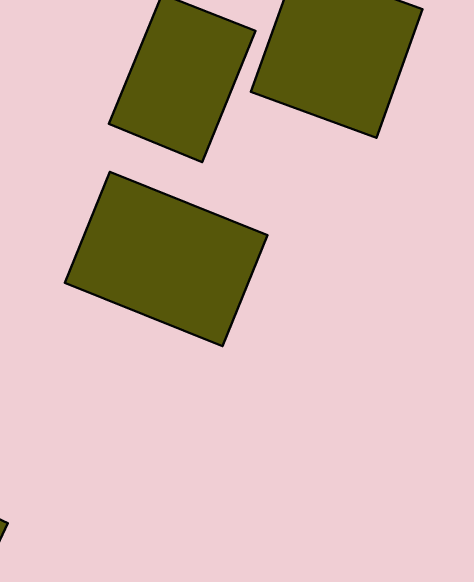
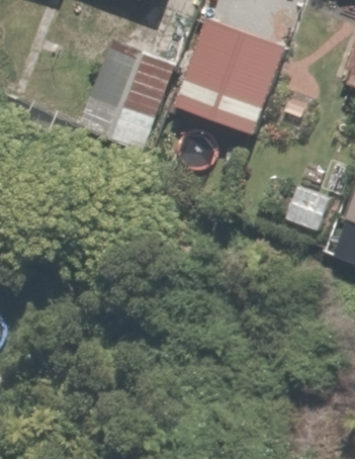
building: [65,172,268,346] -> none

